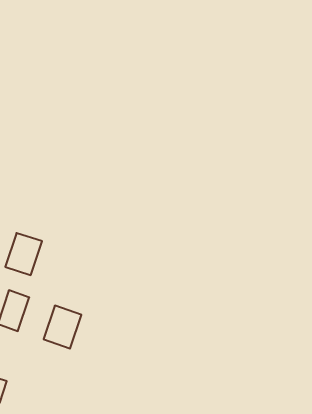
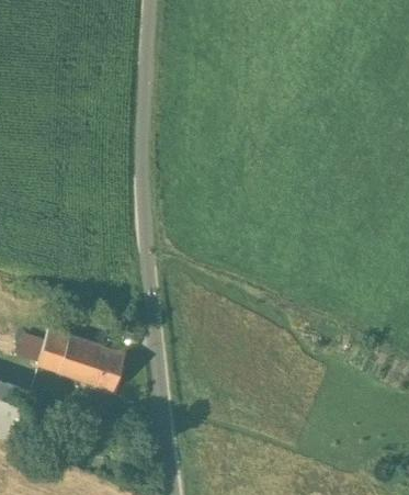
building: [5,233,42,275] -> [57,336,96,381]

